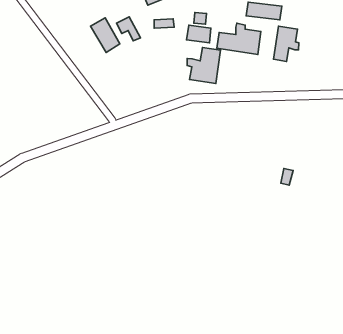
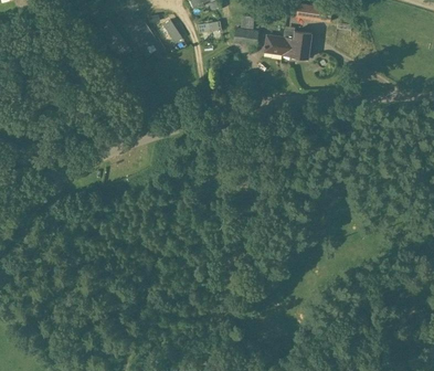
building: [274,26,299,61] -> none
building: [187,47,220,83] -> none

